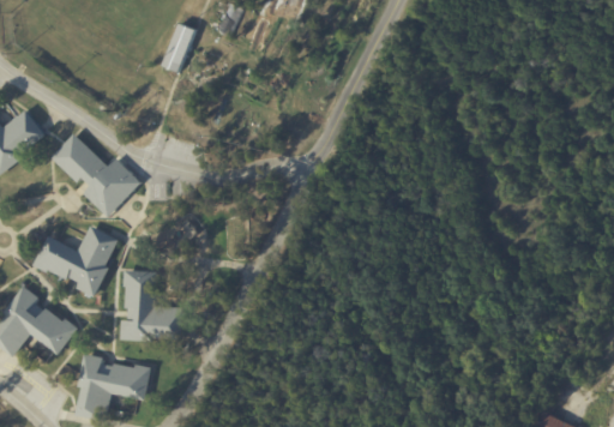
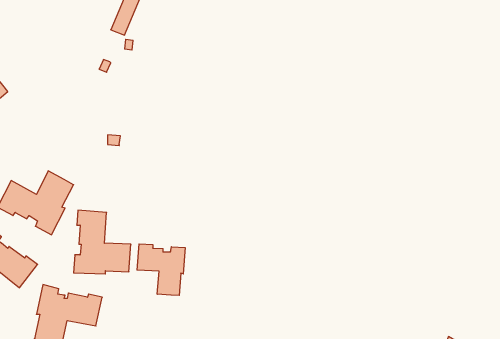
building: [52,132,142,217] -> none
building: none -> [137,244,185,295]

